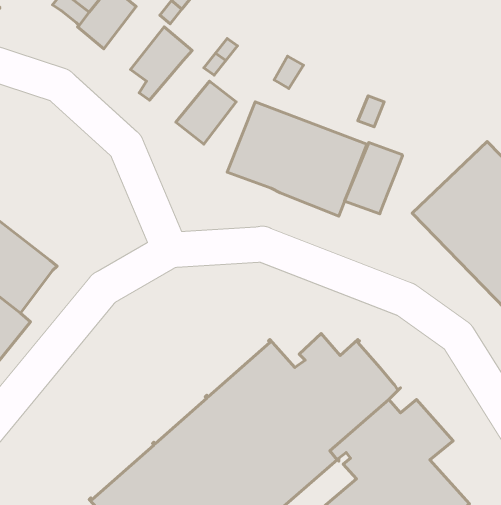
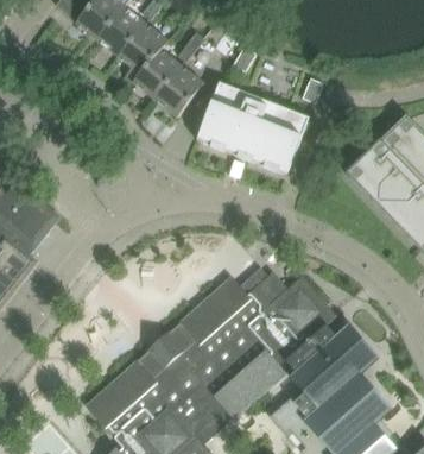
building: none -> [96,6,145,57]
building: none -> [133,50,182,100]
building: [345,142,403,214] -> none

